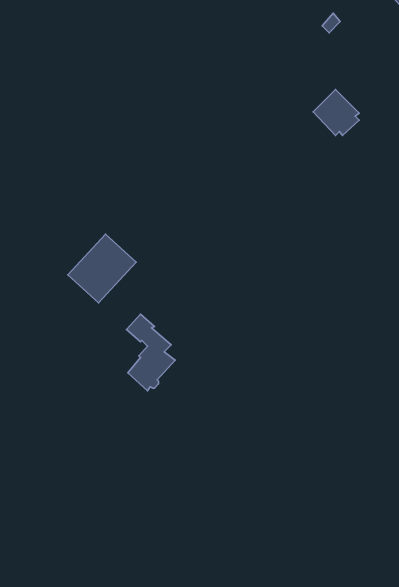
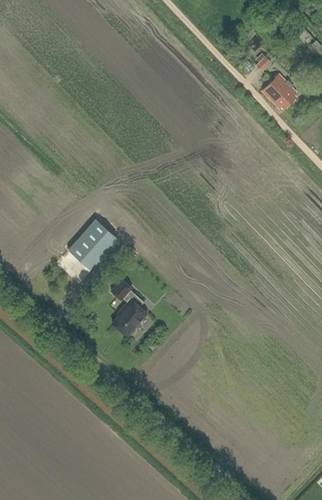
building: [313,89,359,136] -> [262,74,296,108]

